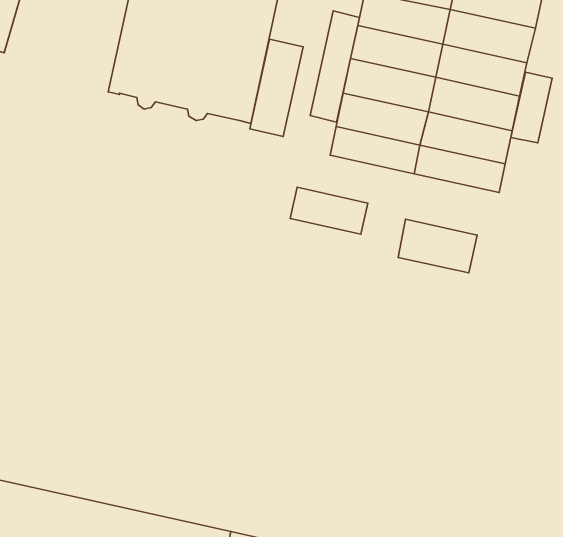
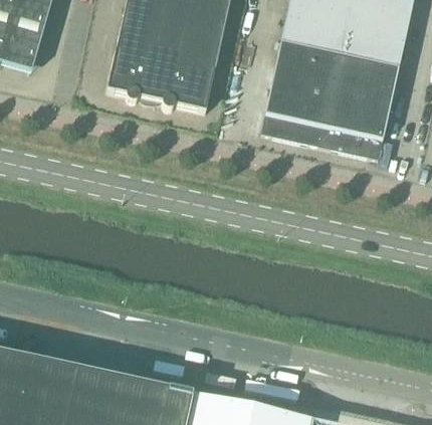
building: [310,11,360,122] -> none
building: [250,39,303,137] -> none
building: [511,72,552,143] -> none
building: [290,187,368,234] -> none
building: [398,219,477,273] -> none

